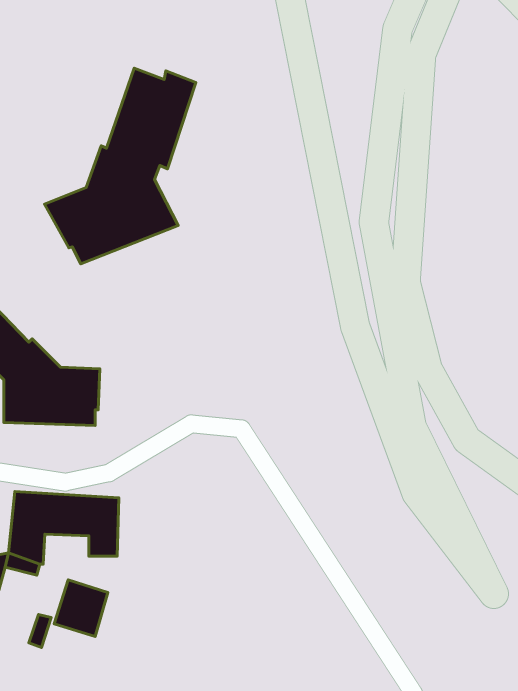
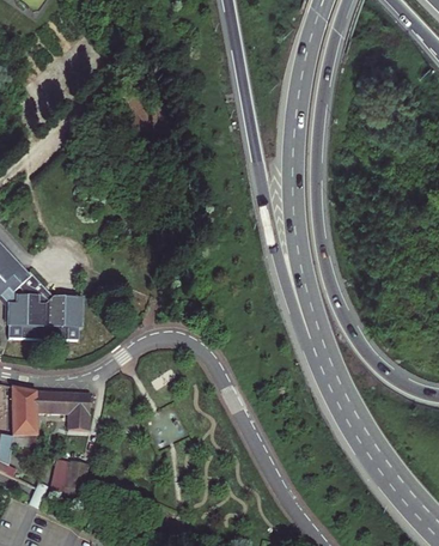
building: [44,68,196,264] -> none

